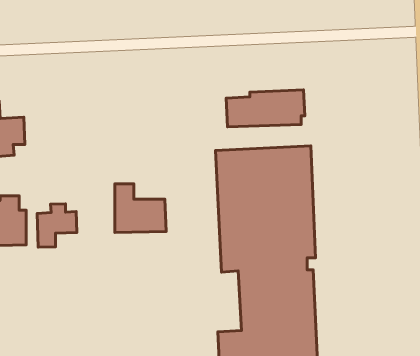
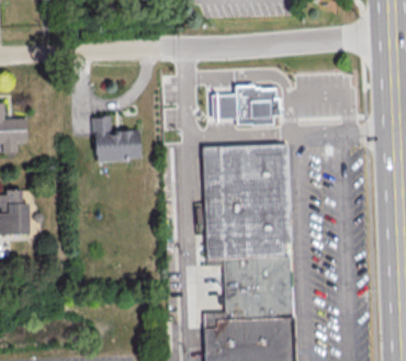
building: [115,184,166,233] -> [92,115,139,160]
building: [37,204,77,247] -> none

